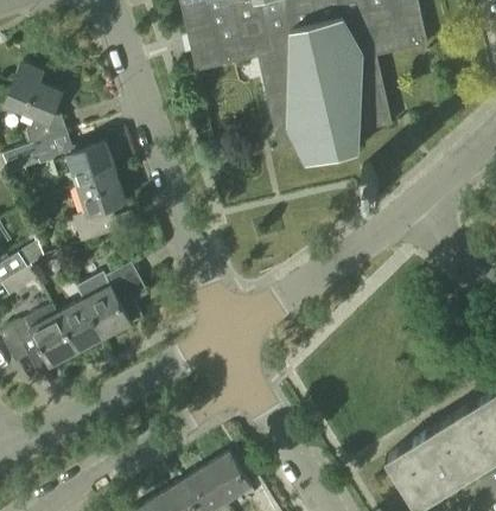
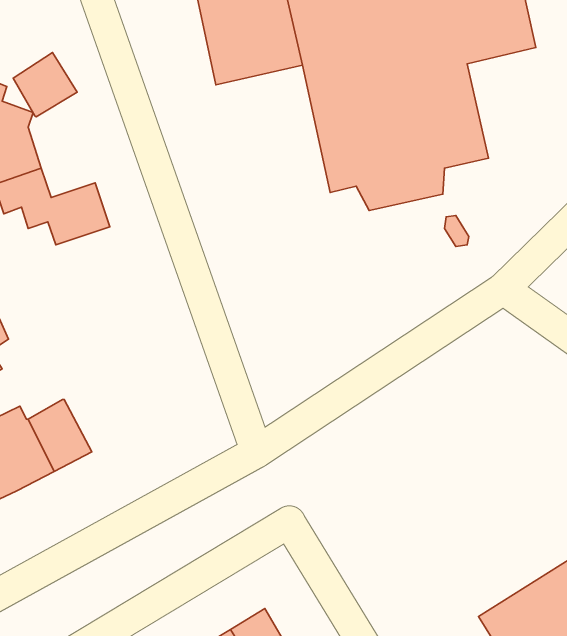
building: none -> [13,52,77,117]
building: [74,174,126,243] -> none
building: [76,263,147,338] -> none

